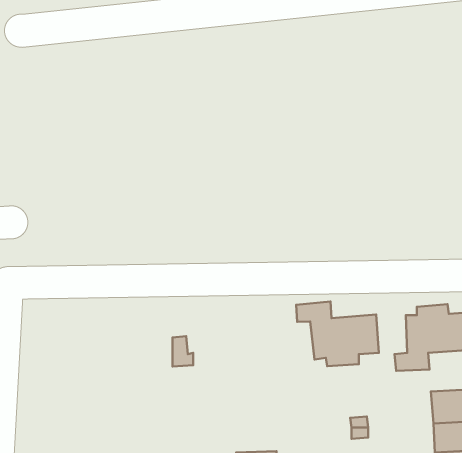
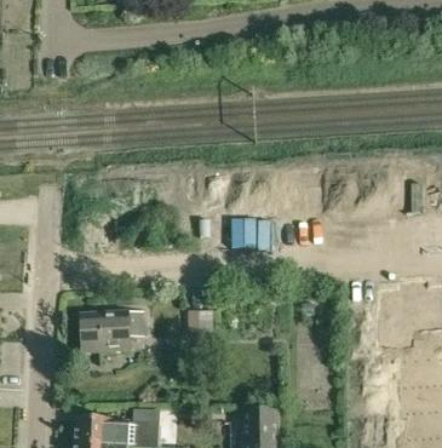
building: [296,301,379,366] -> none
building: none -> [79,310,143,352]

